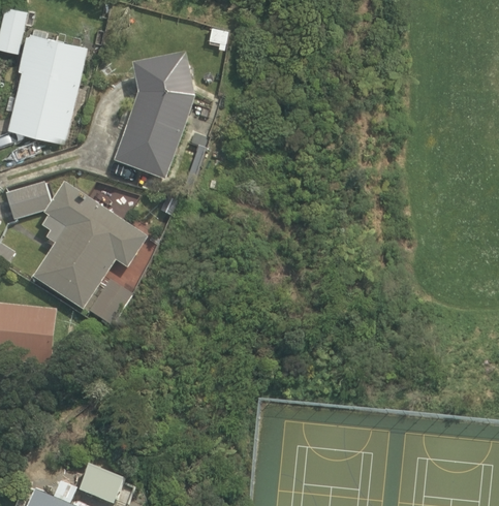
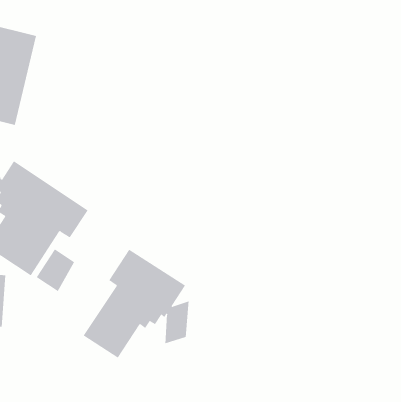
building: [113,53,194,181] -> none
building: none -> [83,249,189,359]

